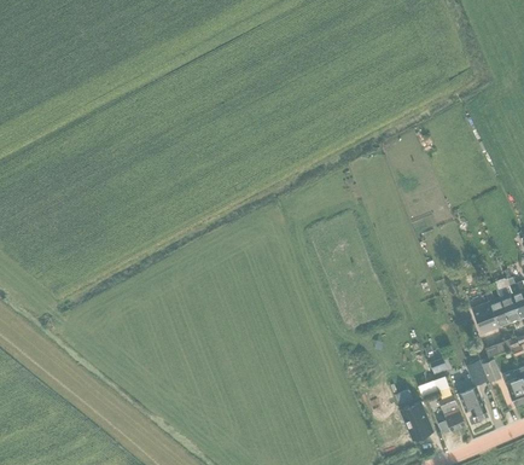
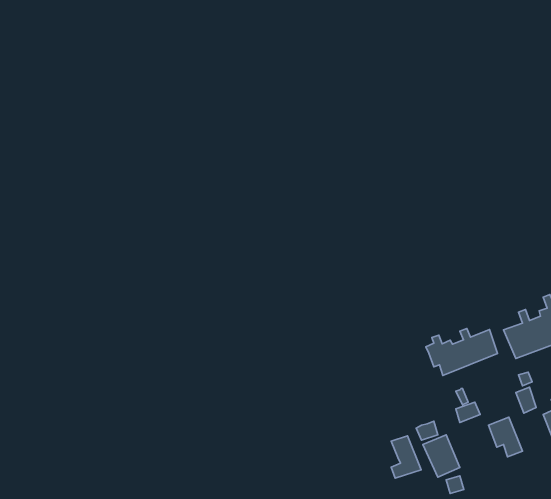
building: none -> [426,329,498,375]
building: [438,396,465,434] -> [391,436,421,478]

